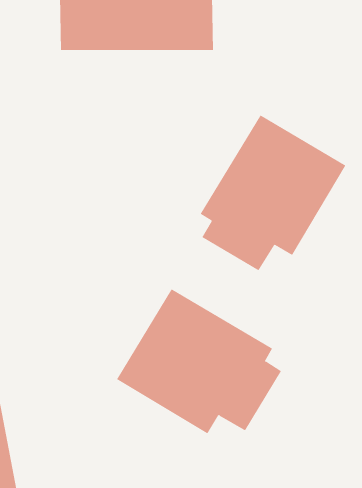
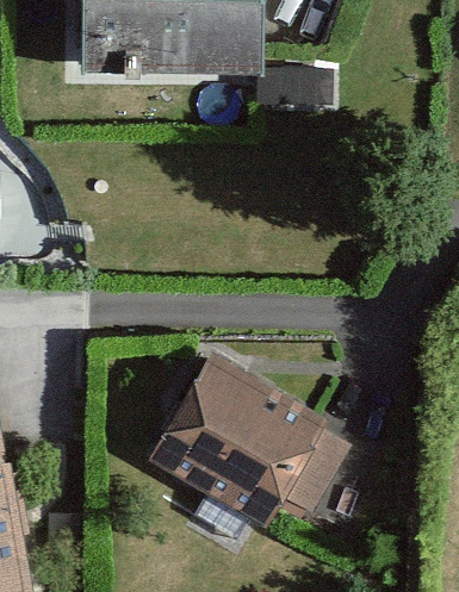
building: [200,114,346,271] -> none

